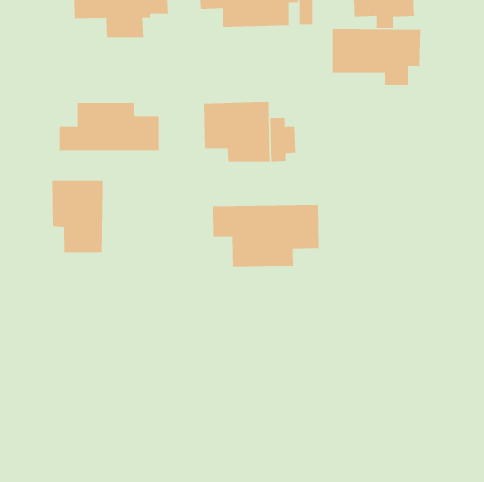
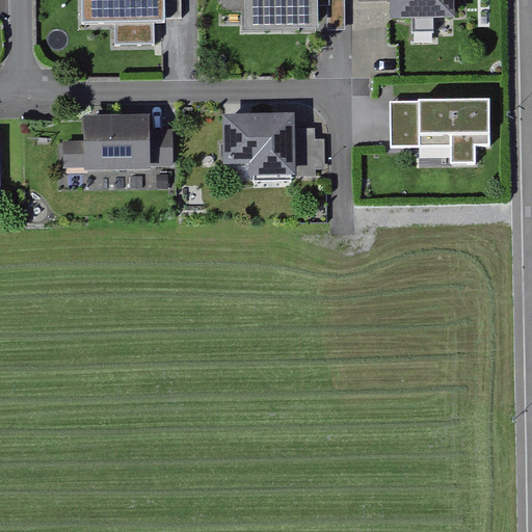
building: [332,28,421,85] -> [390,101,487,163]
building: [52,180,103,253] -> none
building: [212,204,319,267] -> none

